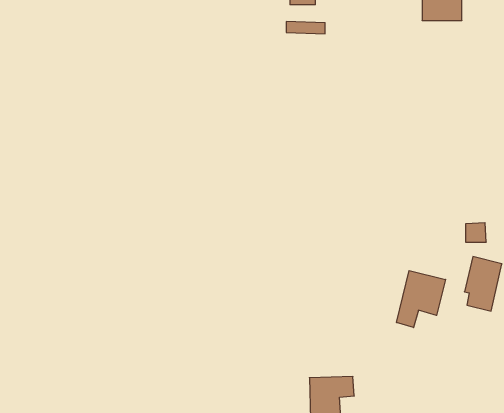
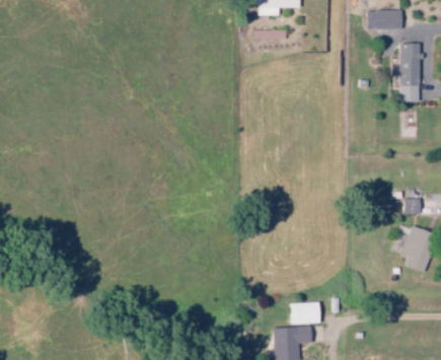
building: none -> [399,43,421,102]
building: [397,271,446,328] -> none
building: none -> [290,302,318,325]

